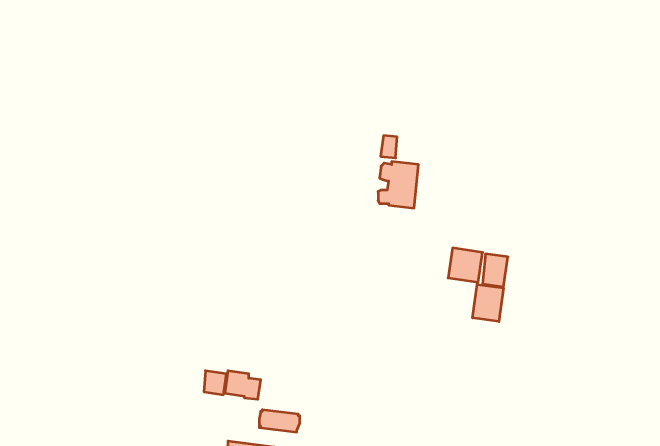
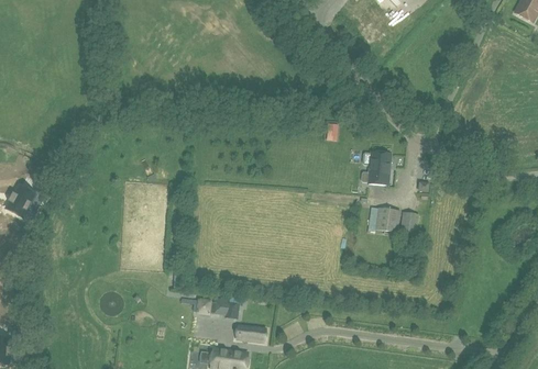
building: [378,162,418,208] -> [360,150,389,185]
building: [473,284,503,322] -> none

